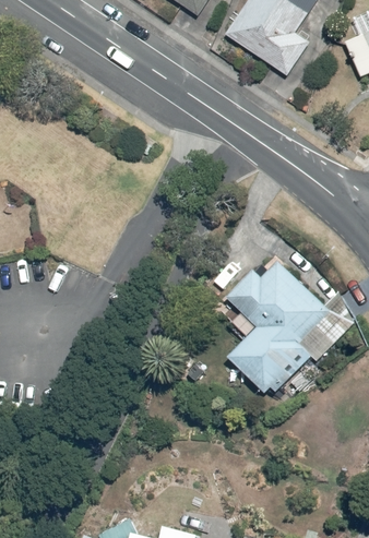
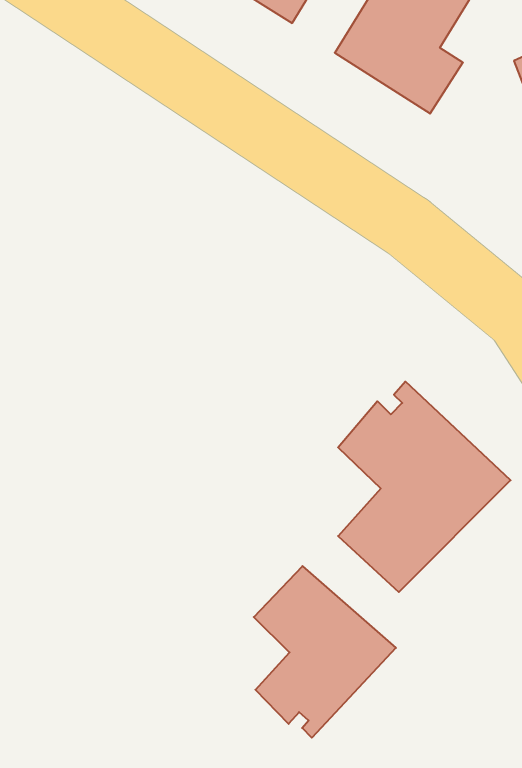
building: none -> [254,566,396,738]

